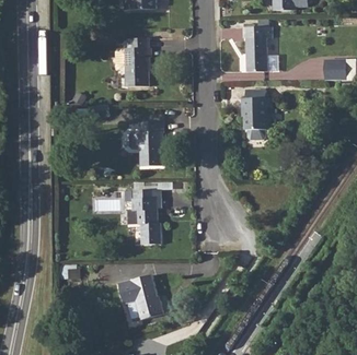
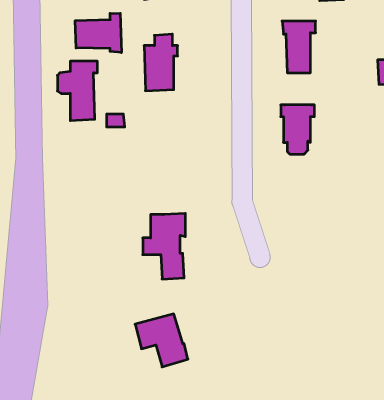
building: none -> [75,13,121,53]
building: [128,121,162,171] -> [57,61,97,121]

